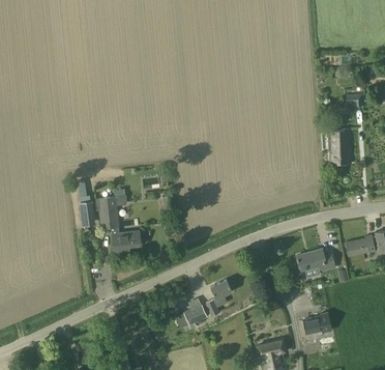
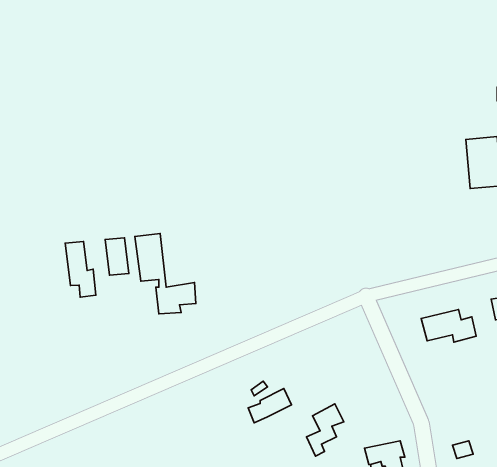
building: none -> [65,242,96,297]
building: [206,279,232,315] -> [307,404,344,456]
building: [302,312,331,333] -> none

